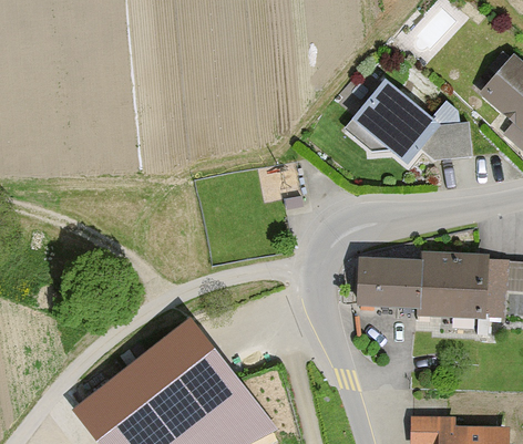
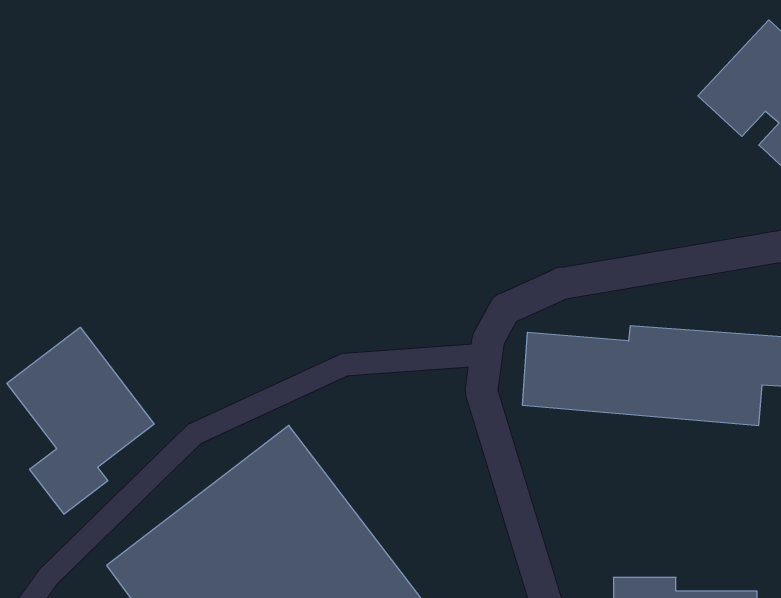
building: [345,80,476,166] -> none
building: none -> [7,327,154,514]

